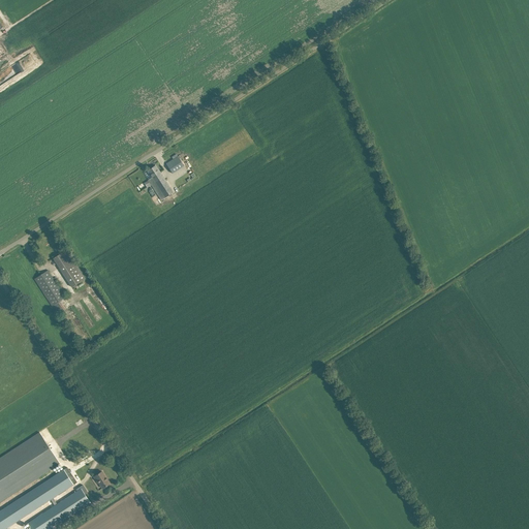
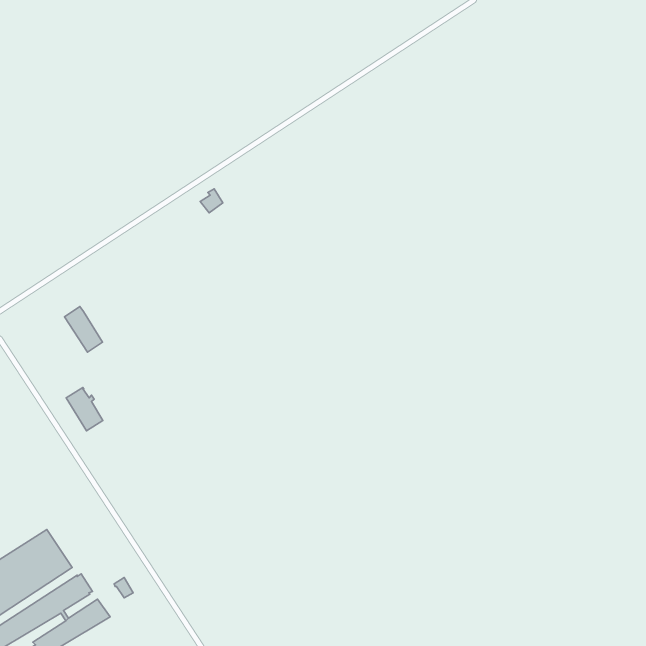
building: [147,166,173,201] -> none
building: [34,272,64,307] -> [66,388,103,431]

